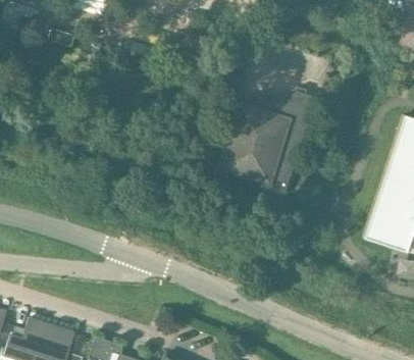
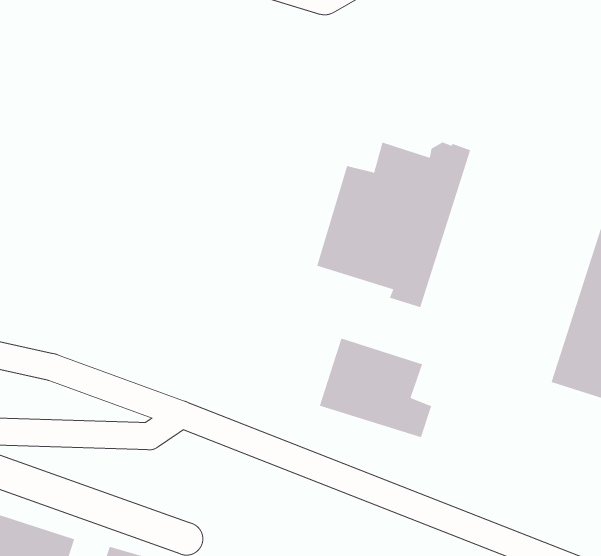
building: none -> [319,338,432,438]

